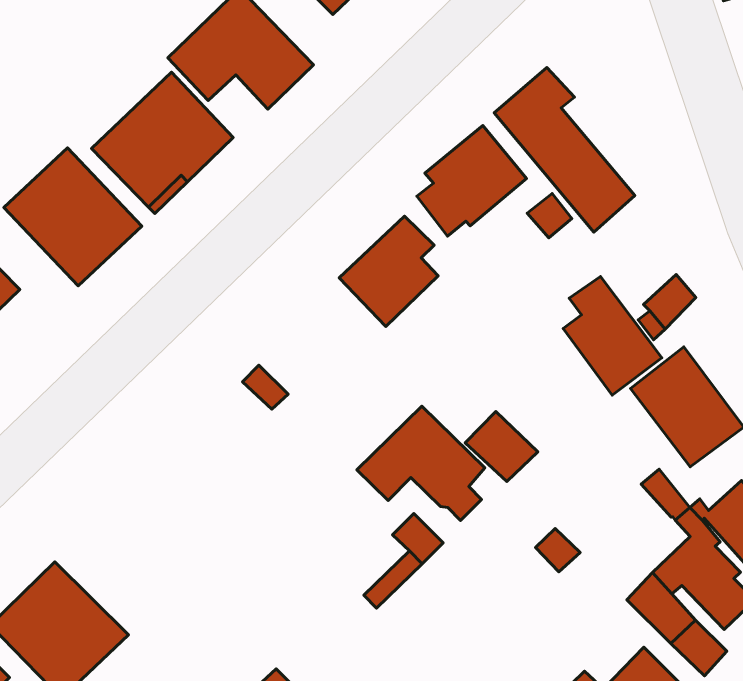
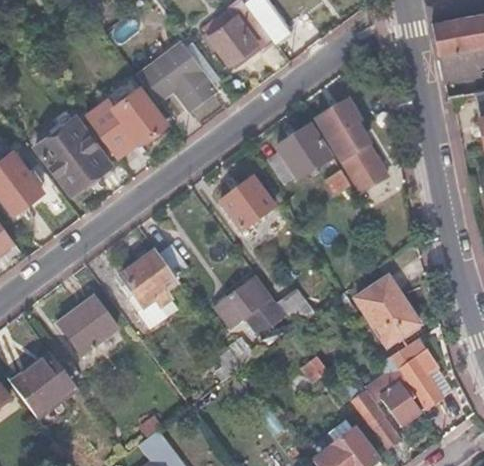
building: [563,277,662,395] -> none
building: none -> [118,253,175,325]
building: none -> [55,301,114,358]

